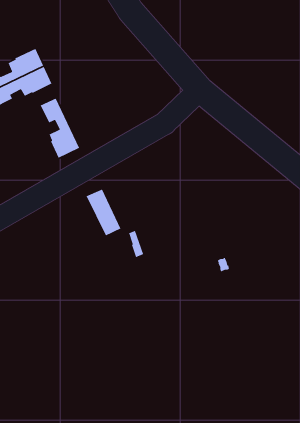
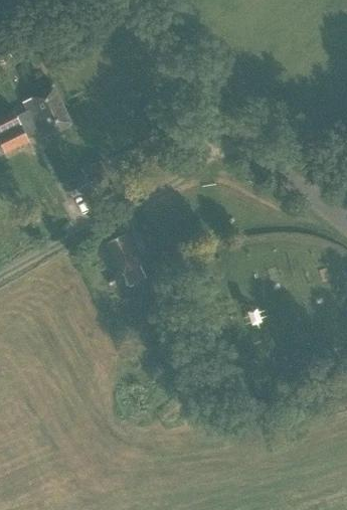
building: [40,98,80,159] -> none

